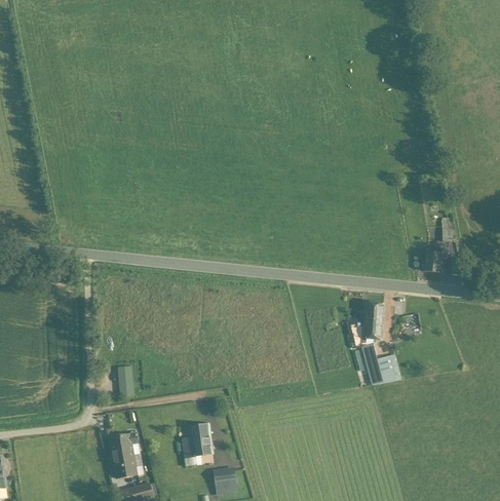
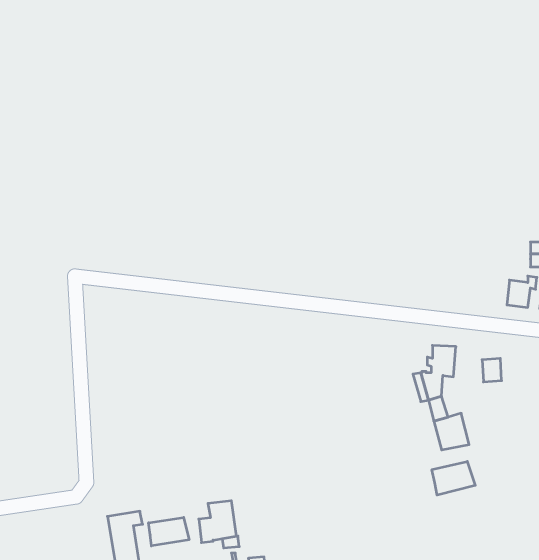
building: none -> [432,461,475,495]
building: none -> [149,517,189,546]

